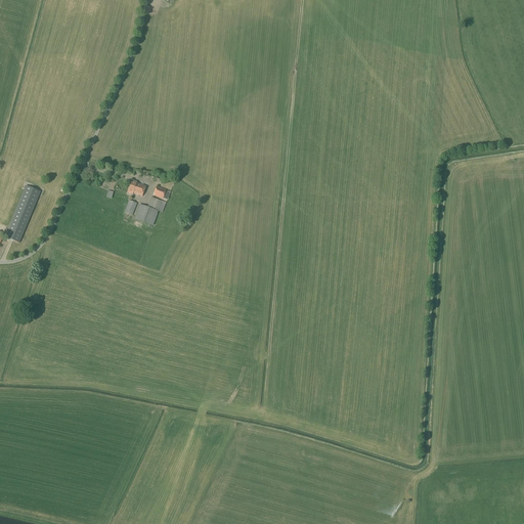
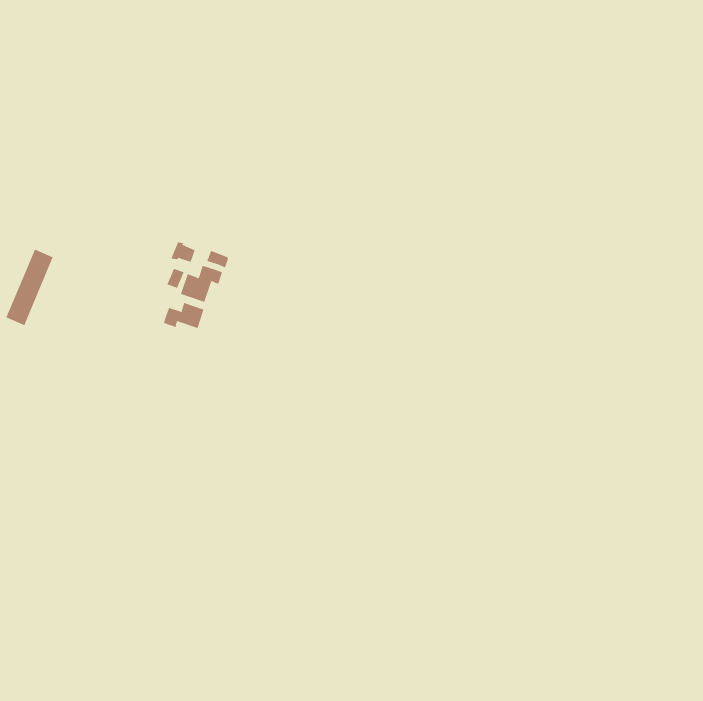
building: none -> [163,302,204,329]

